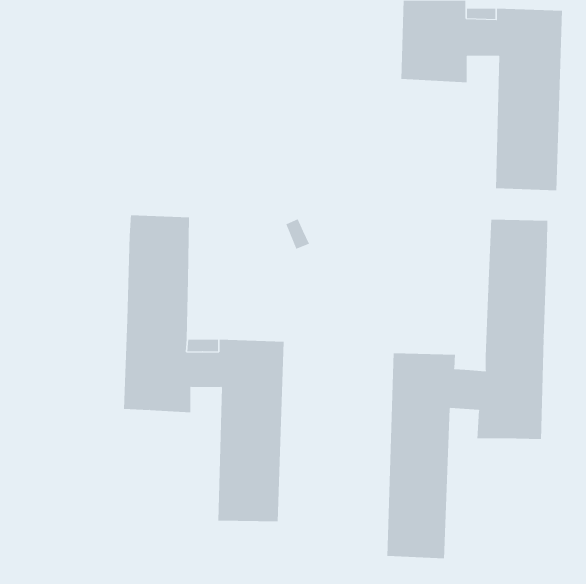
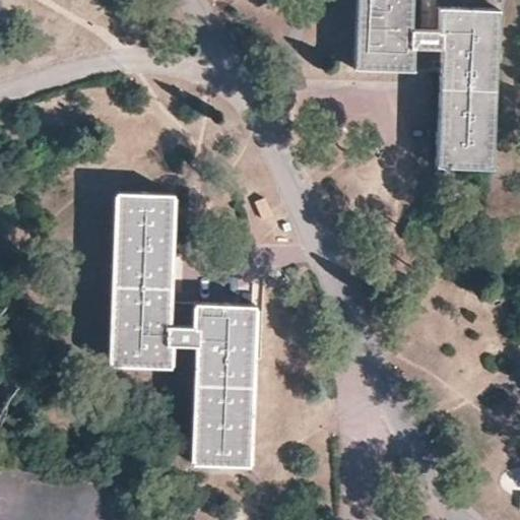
building: [387,219,548,559] -> none

